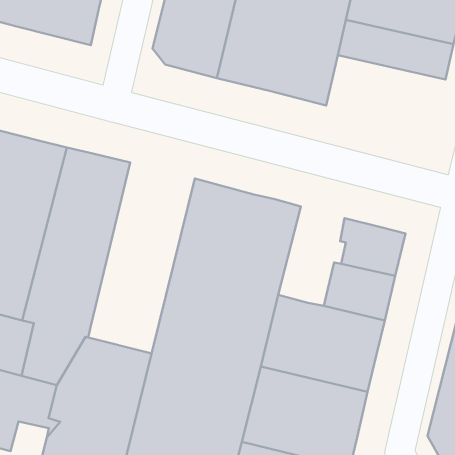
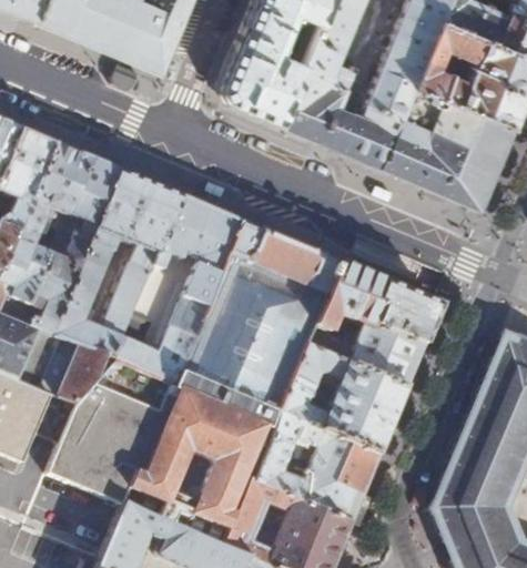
building: none -> [382,121,503,212]
building: none -> [113,195,242,386]
building: none -> [306,264,383,359]

